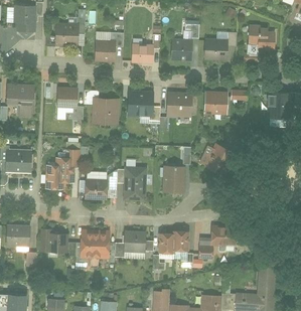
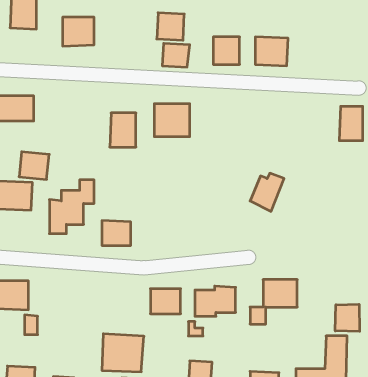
building: [247,25,275,50] -> none
building: [93,39,114,60] -> [157,13,184,40]
building: [55,87,79,108] -> [19,152,49,179]
building: [205,89,248,114] -> none
building: [167,91,194,115] -> none
building: [123,163,147,199] -> none
building: [161,163,185,191] -> none
building: [39,226,59,251] -> none
building: [79,227,111,257] -> [102,334,144,372]
building: none -> [335,304,360,331]

